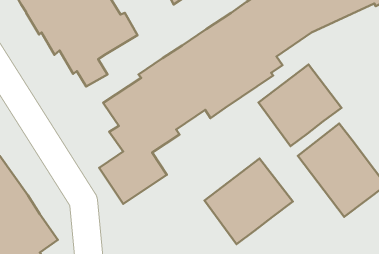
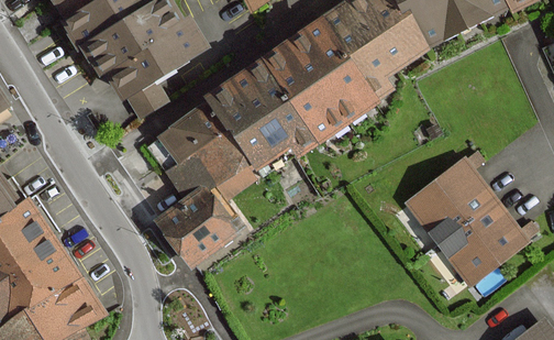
building: [259,65,341,146] -> none
building: [205,158,293,244] -> none

